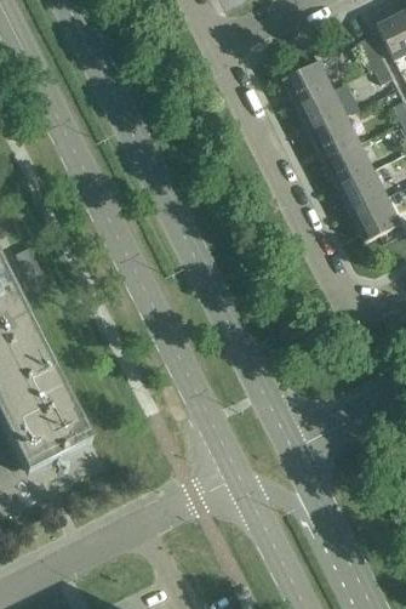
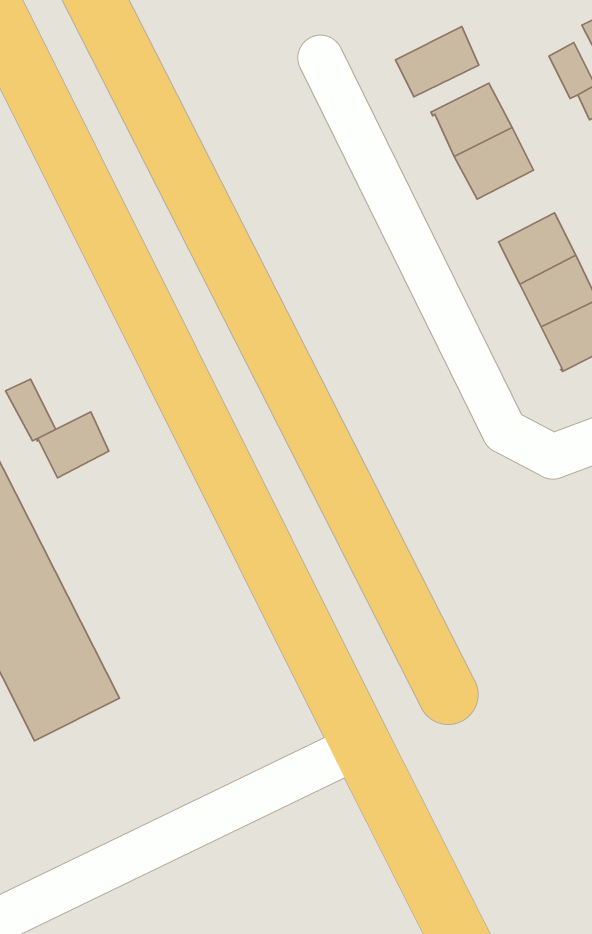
building: none -> [395,27,479,97]
building: [313,110,361,155] -> none
building: none -> [37,412,109,478]

